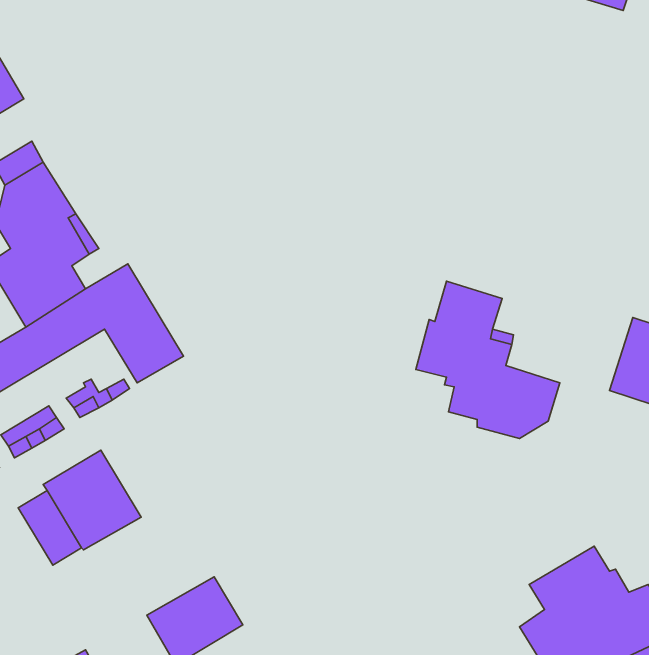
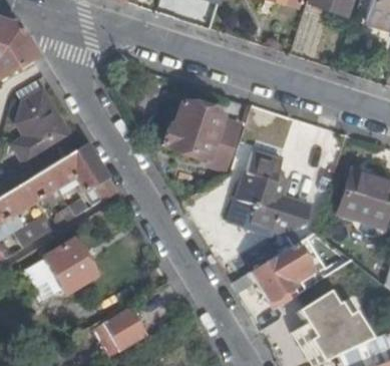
building: none -> [162,103,240,170]
building: none -> [252,238,327,302]

